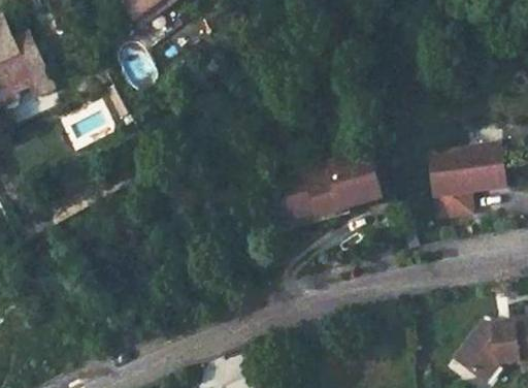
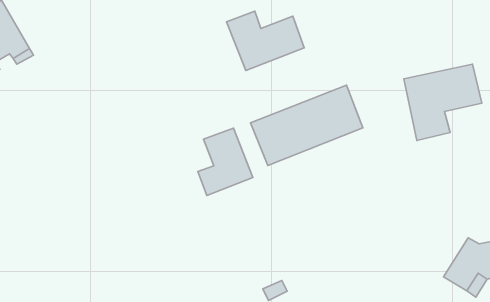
building: none -> [226,11,304,71]
building: none -> [198,128,253,196]

